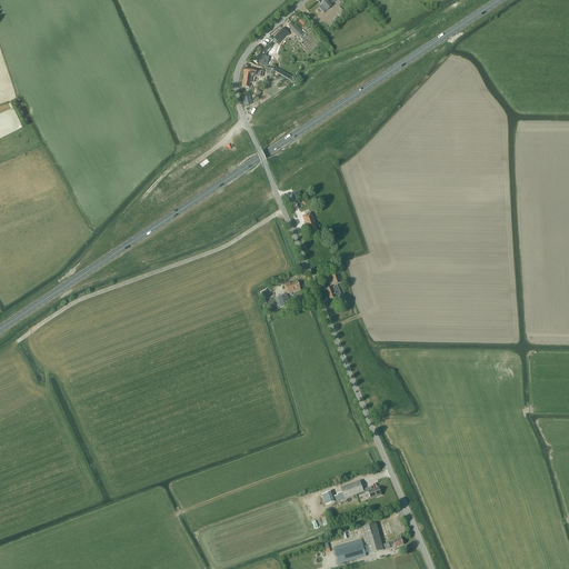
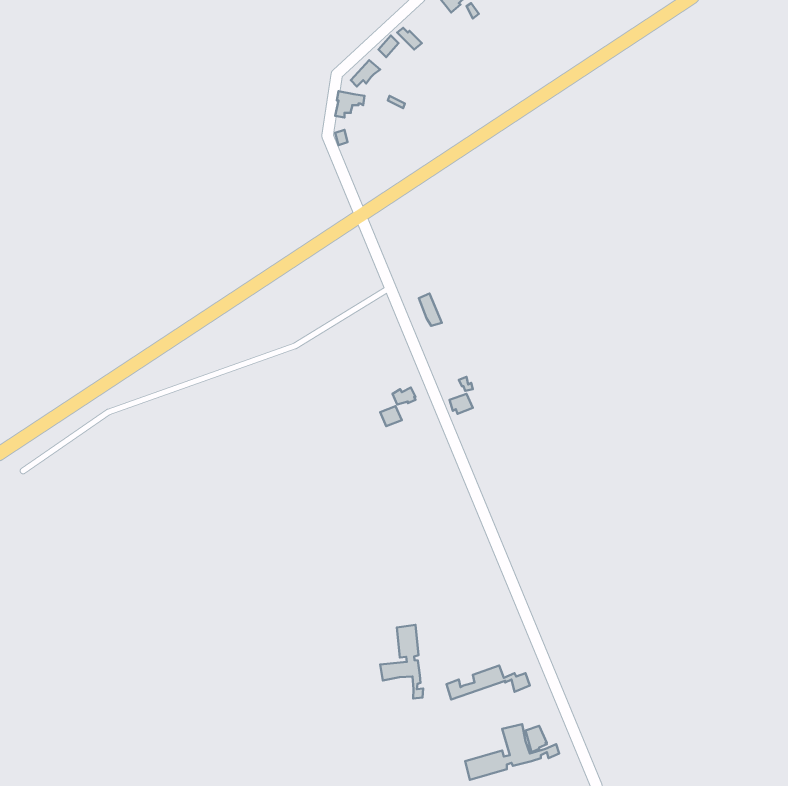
building: none -> [380,625,423,698]

